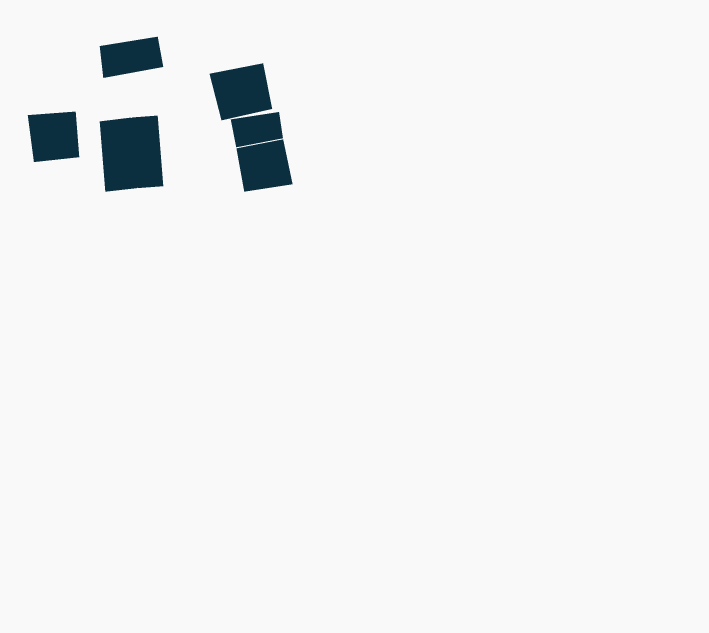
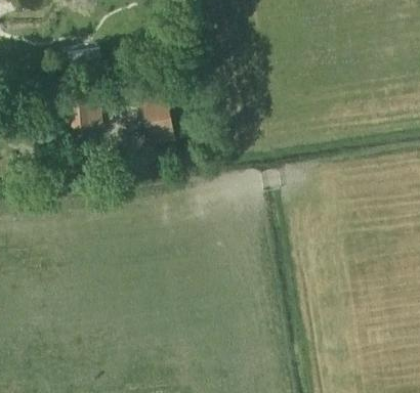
building: [209,63,273,121] -> none
building: [27,111,80,163] -> none

